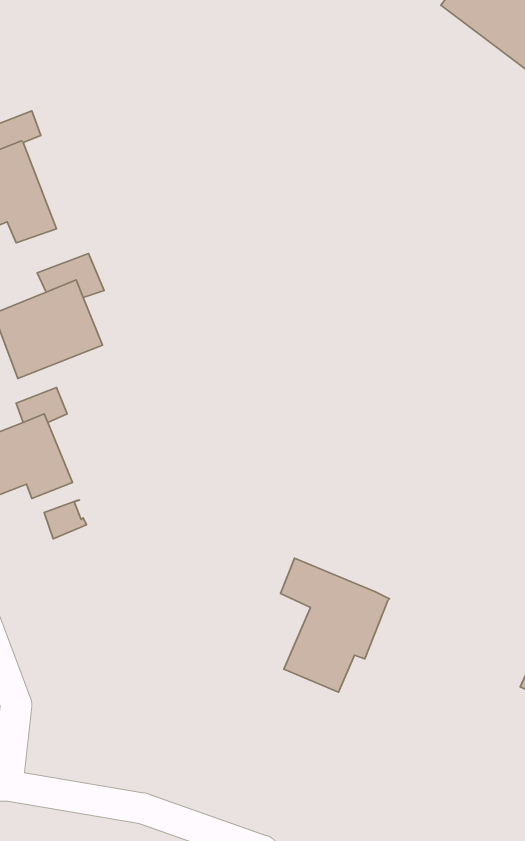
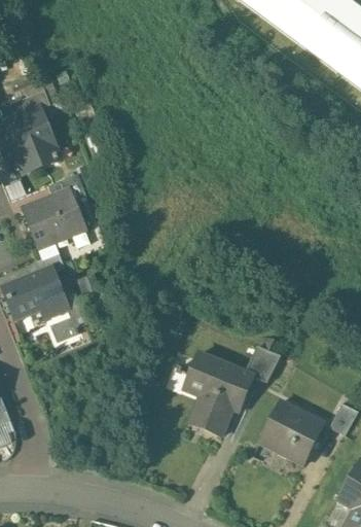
building: none -> [245,347,280,383]
building: none -> [259,402,323,465]

